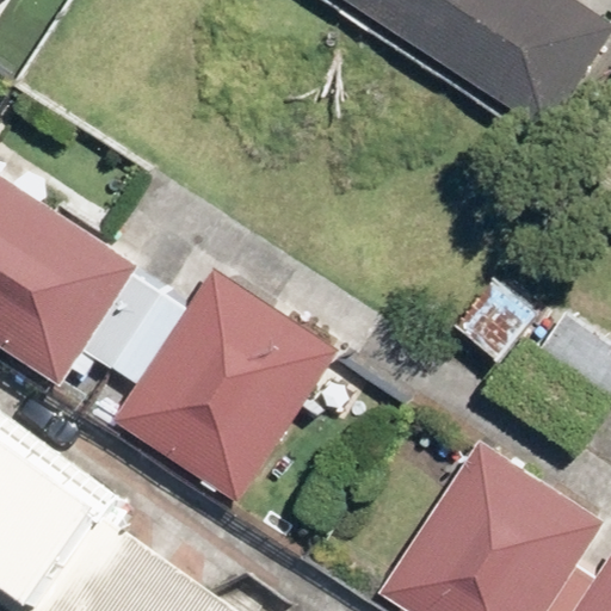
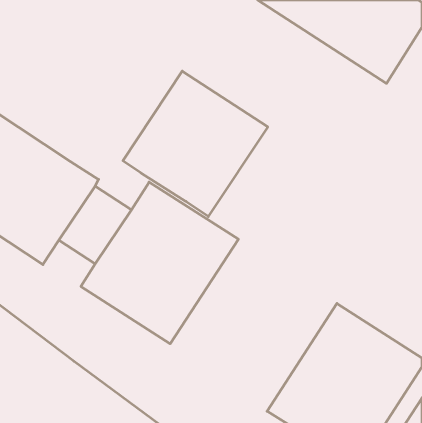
building: none -> [123,71,268,217]

